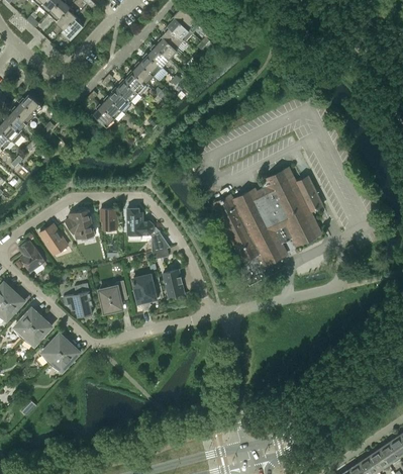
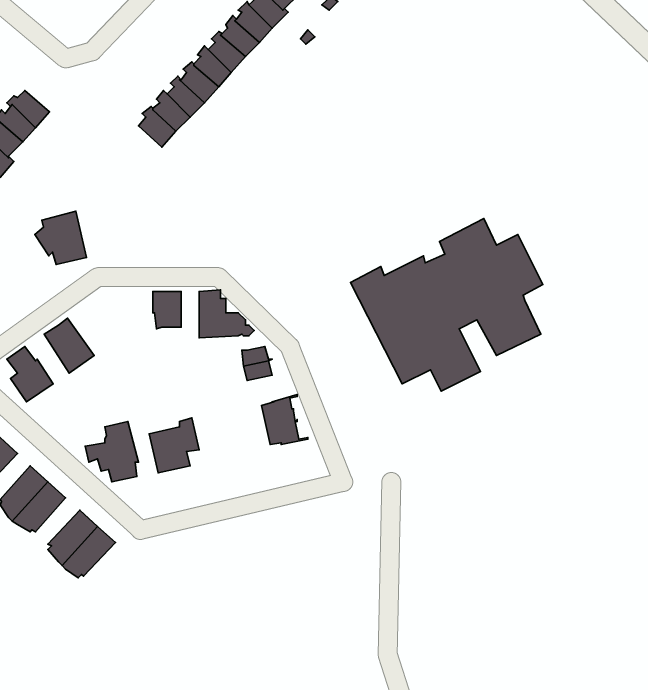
building: [65,208,94,239] -> [35,211,86,265]
building: [133,274,159,303] -> none

